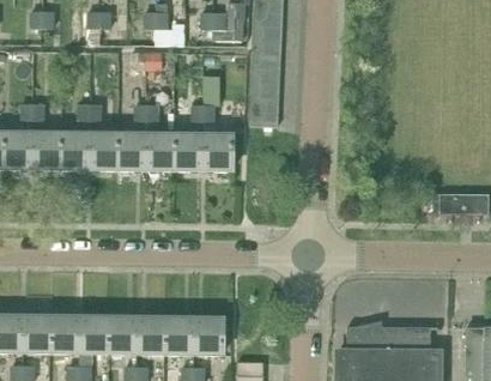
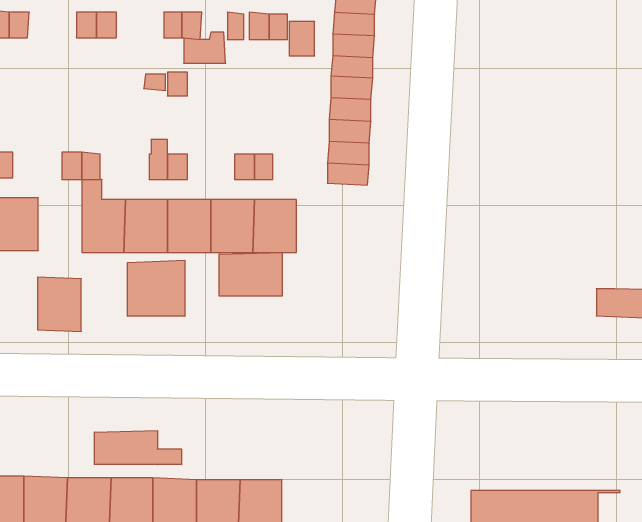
building: [60,133,89,169] -> [38,277,81,332]
building: none -> [219,252,282,296]
building: none -> [128,260,185,316]
building: none -> [95,431,181,465]

